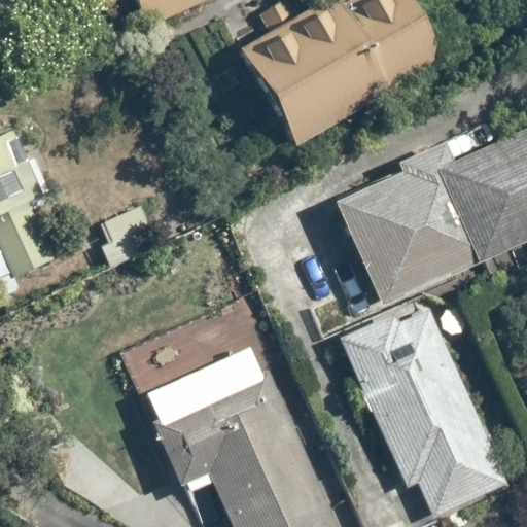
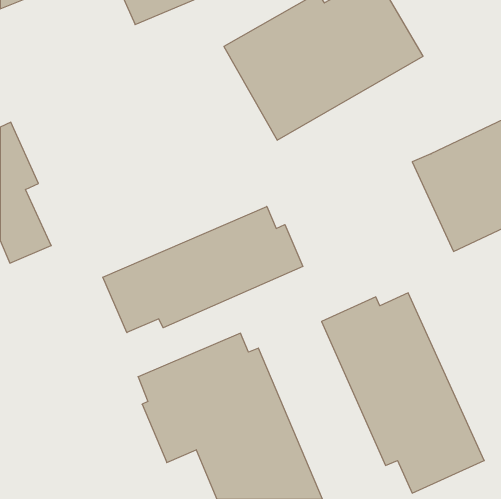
building: [333,140,477,305] -> none
building: none -> [103,206,303,333]

